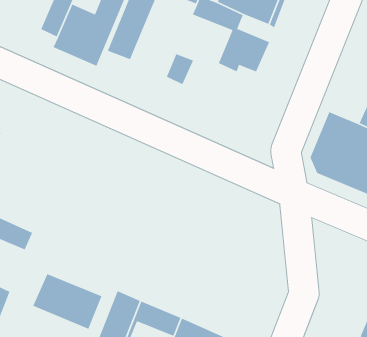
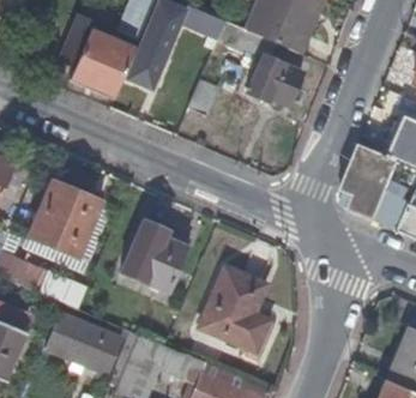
building: none -> [26,181,100,255]
building: none -> [120,219,189,291]
building: none -> [198,265,270,351]

